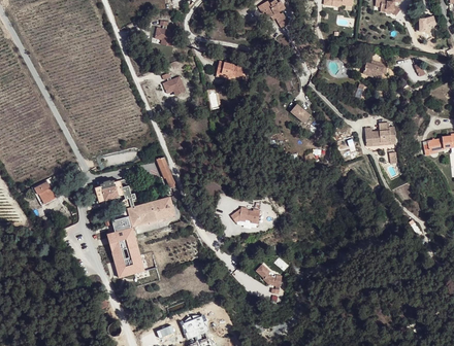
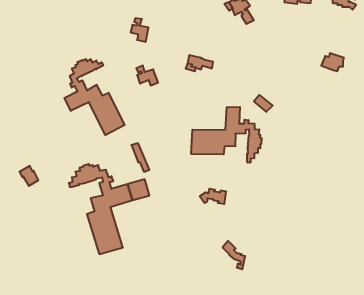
building: none -> [64,59,125,135]
building: none -> [191,107,262,163]
building: [365,124,396,146] -> none

